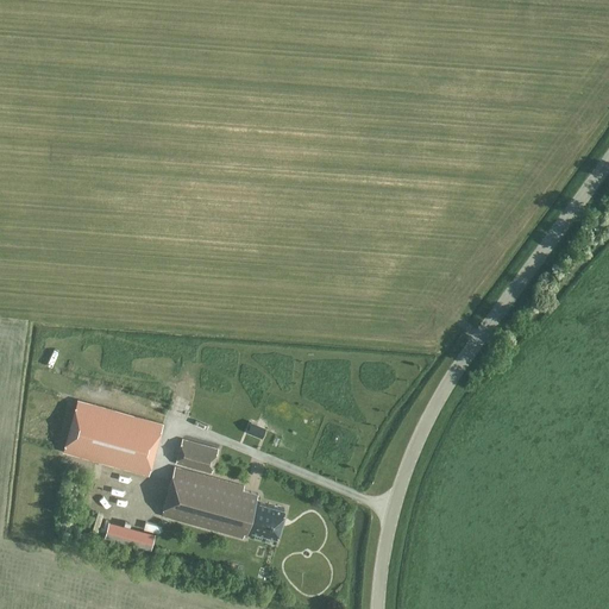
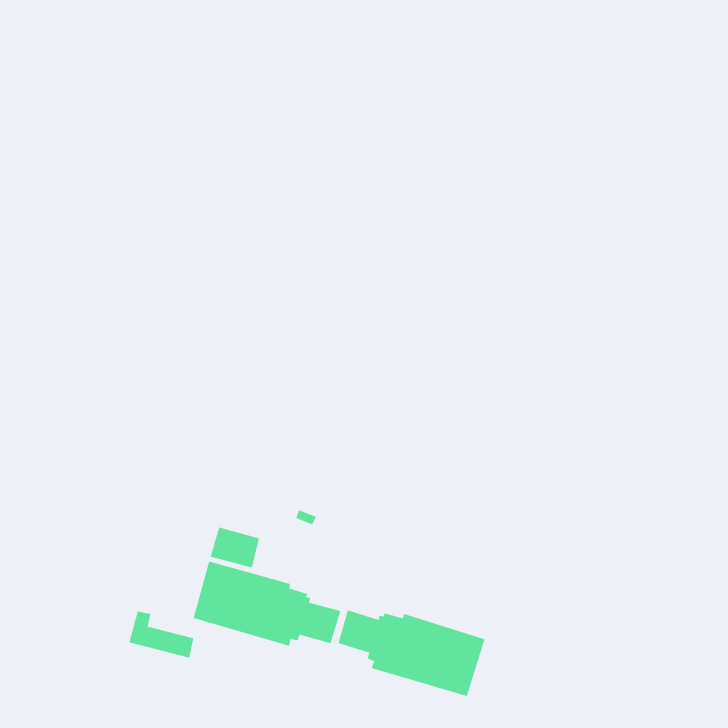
building: [63,401,162,476] -> none
building: none -> [338,609,485,697]

